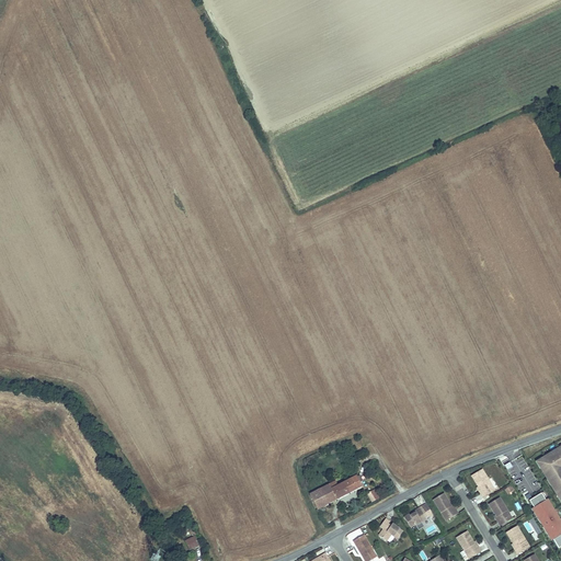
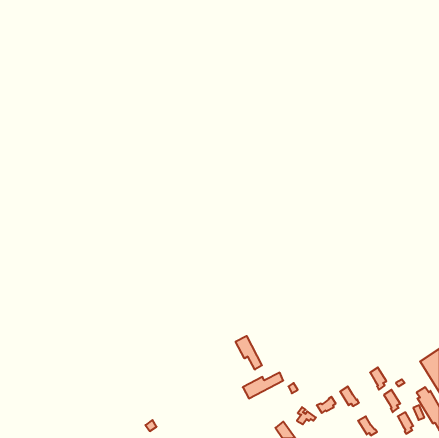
building: none -> [236,336,262,370]

